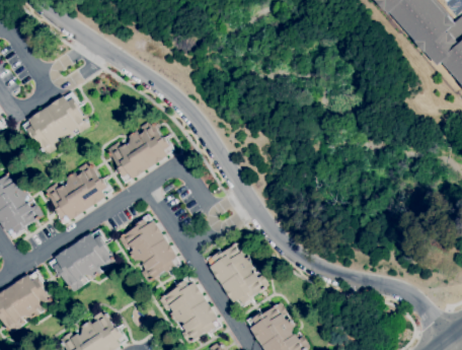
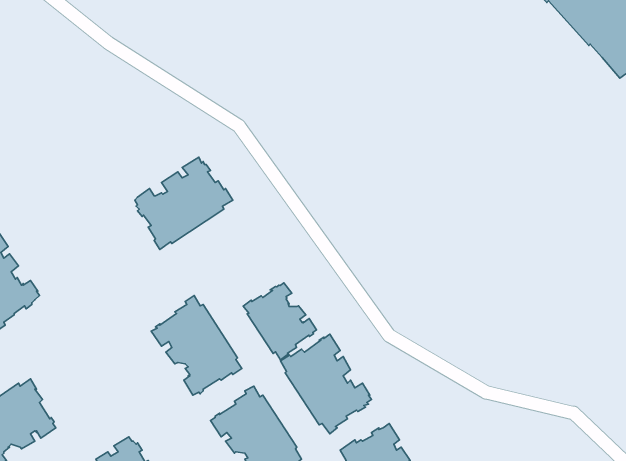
building: [22,92,89,154] -> none
building: [46,161,112,223] -> none
building: none -> [243,283,317,360]
building: [54,229,117,292] -> none

